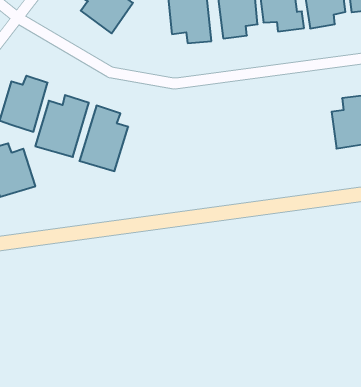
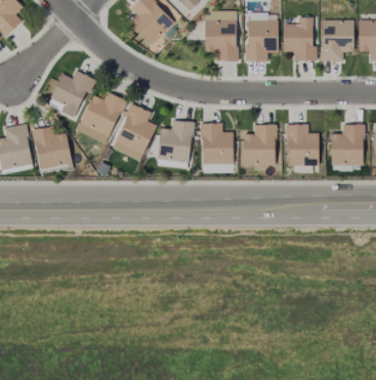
building: none -> [287,124,319,166]
building: none -> [243,124,276,166]
building: none -> [201,123,234,164]
building: none -> [158,121,192,162]

